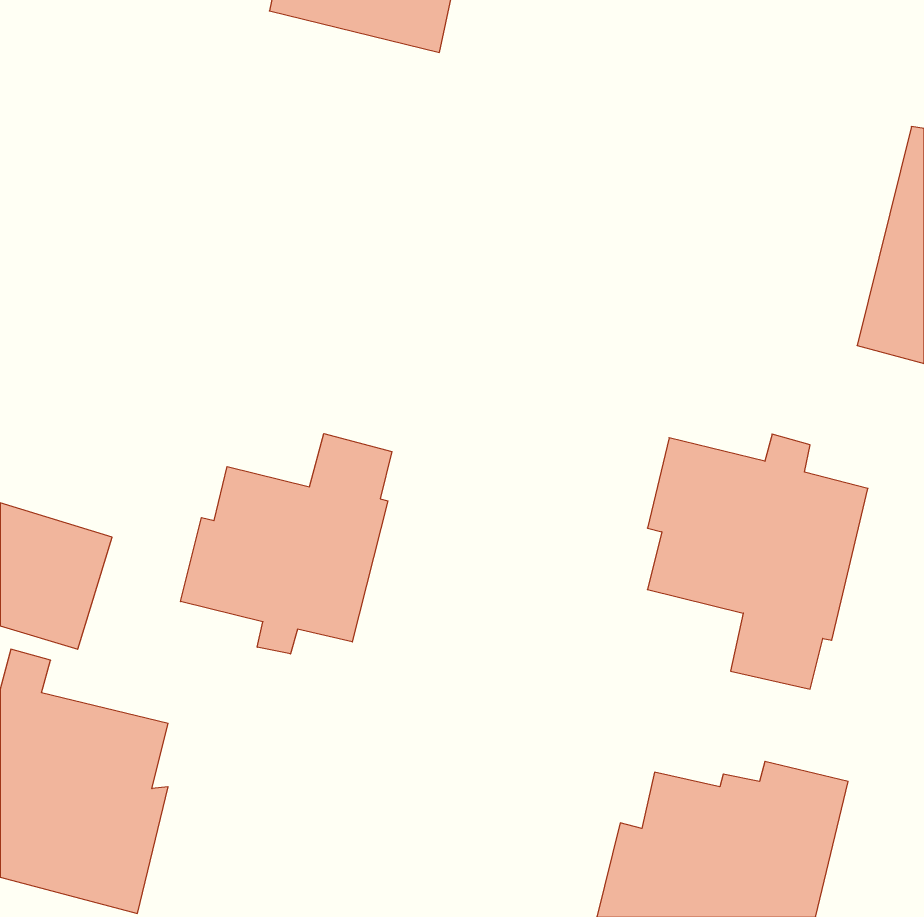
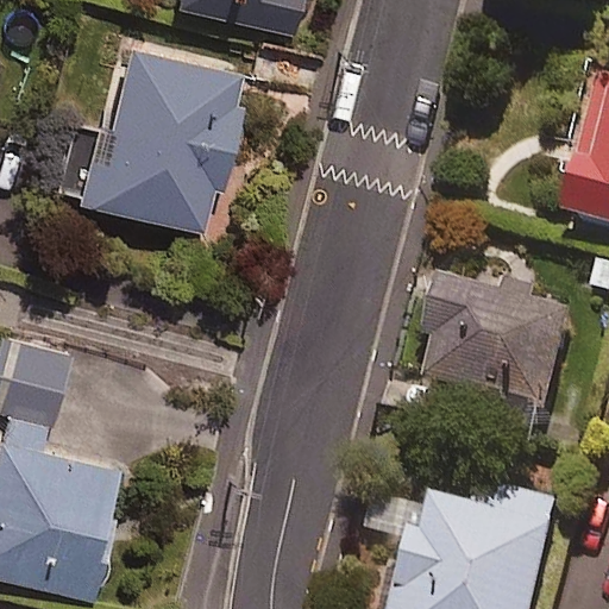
building: none -> [79,43,245,232]
building: [181,434,392,654] -> none

